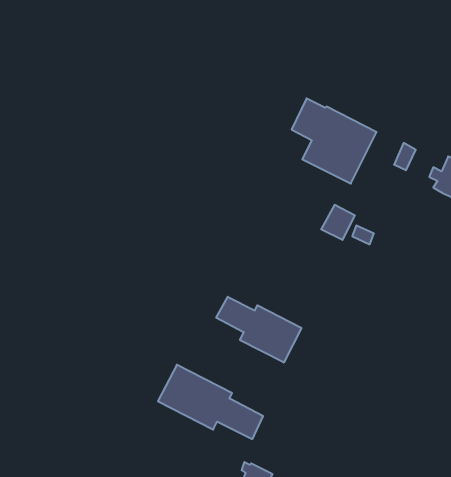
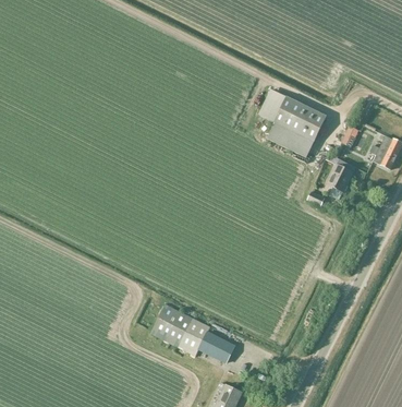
building: [321,205,355,240] -> [326,164,353,192]
building: [216,297,301,363] -> none

